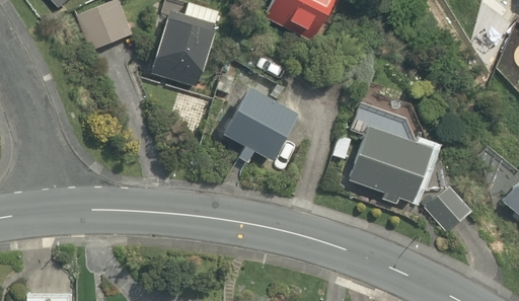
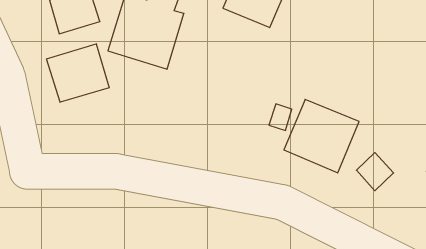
building: none -> [46,44,109,102]
building: [224,90,303,166] -> none

